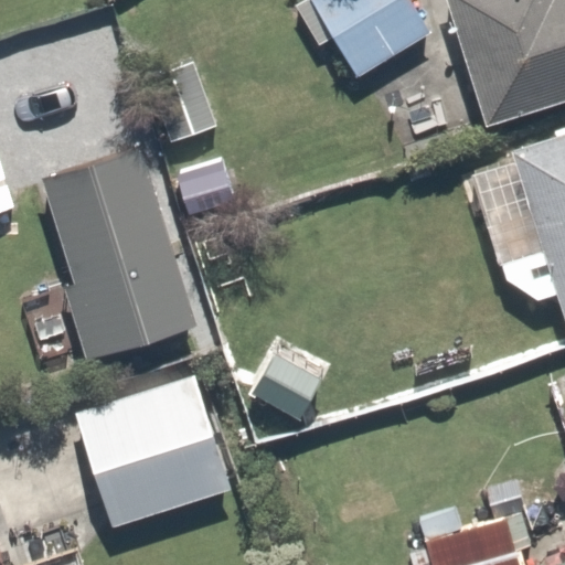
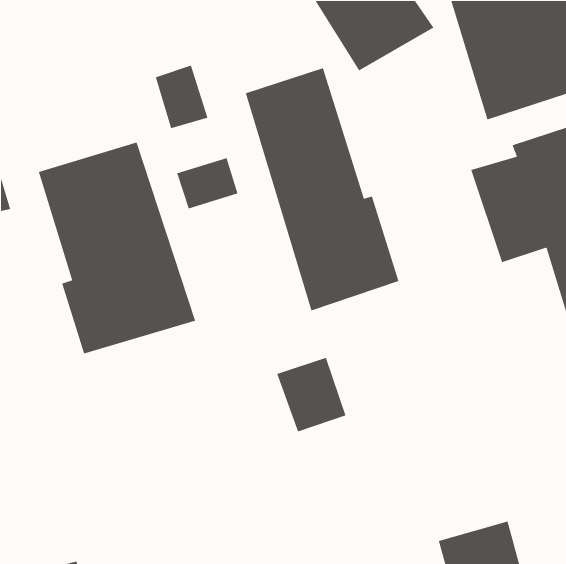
building: none -> [245,67,400,311]
building: [74,375,232,527] -> none

